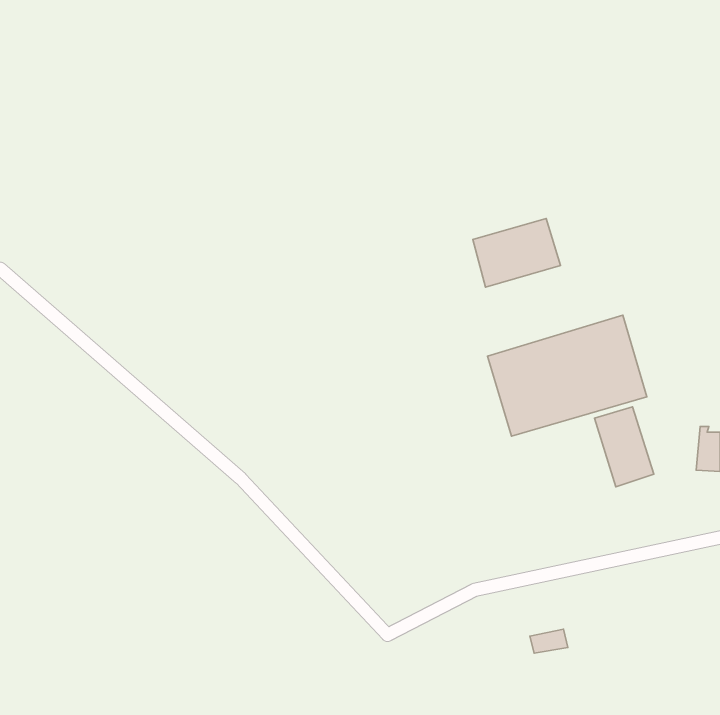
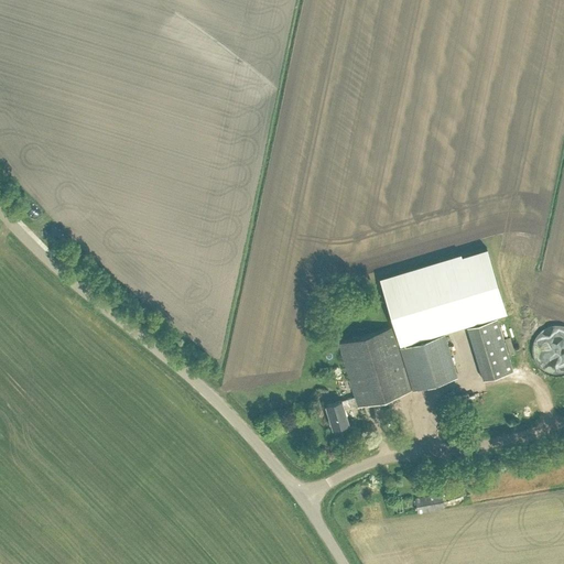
building: [473,219,560,287] -> none
building: none -> [326,328,457,432]

